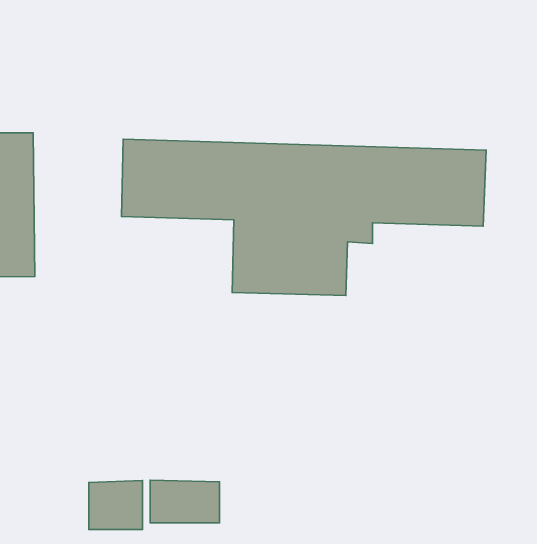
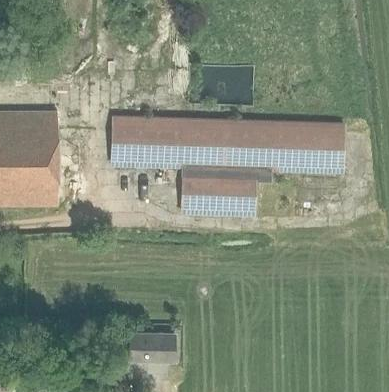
building: [89,481,142,529] -> none

